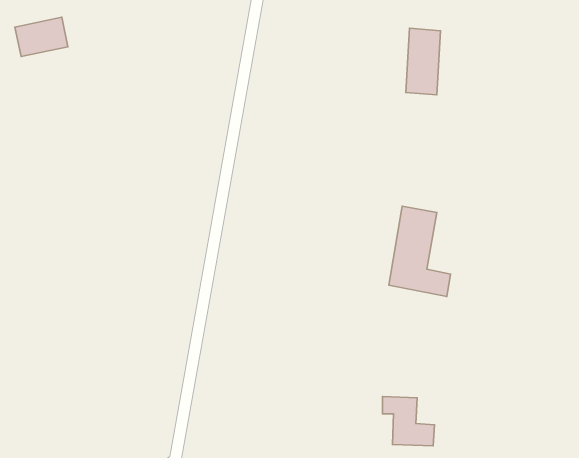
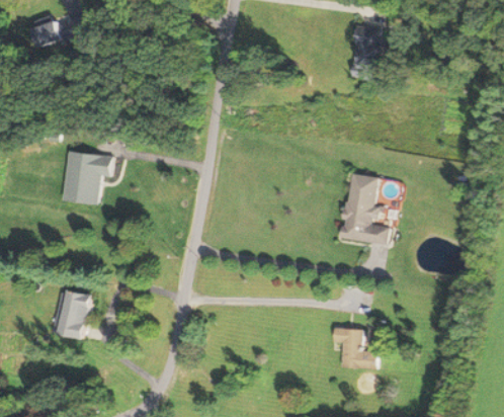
building: none -> [62,151,110,202]
building: none -> [60,288,92,337]

